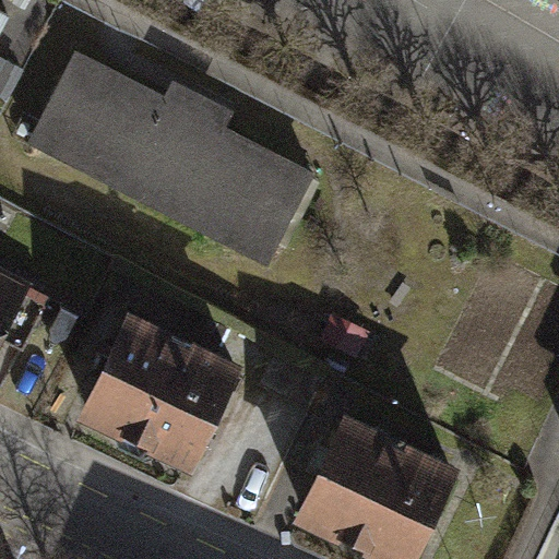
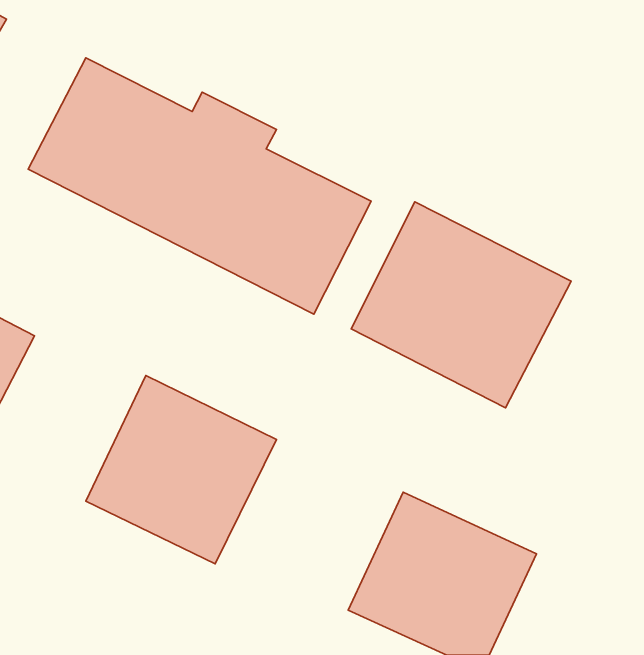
building: none -> [351,202,571,408]

